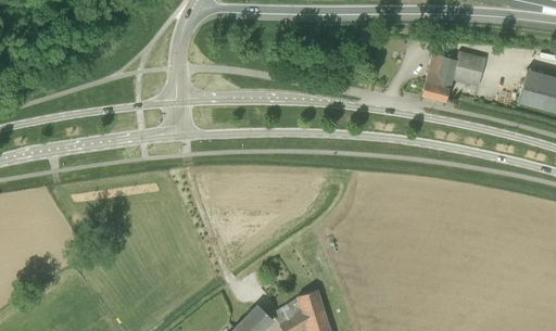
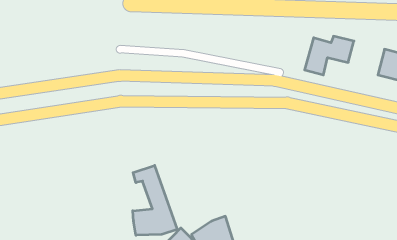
building: none -> [133,165,177,235]

